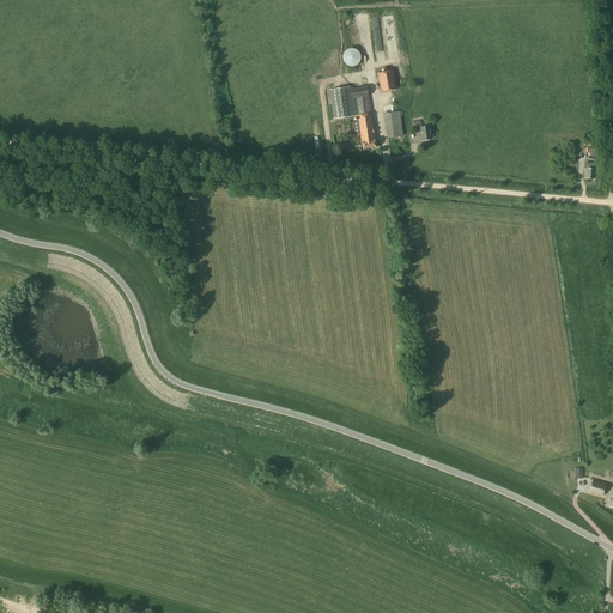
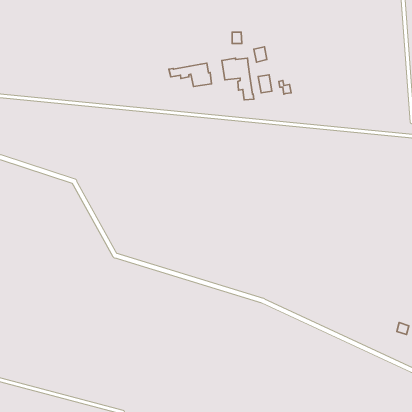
building: none -> [169,63,212,87]

